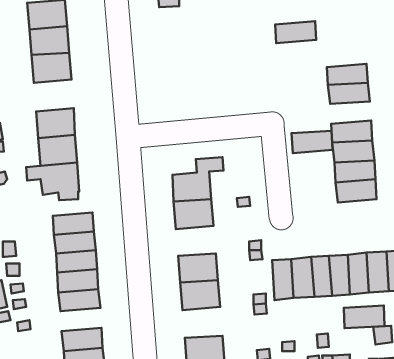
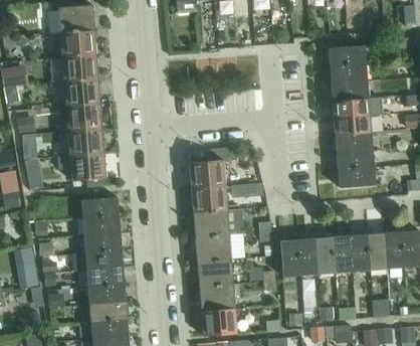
building: [275,21,316,43] -> [329,45,366,65]
building: none -> [64,76,100,106]
building: [292,131,333,153] -> [333,97,370,117]
building: none -> [193,208,243,236]
building: [344,306,384,328] -> none
building: none -> [199,283,235,311]
building: none -> [88,284,126,305]

